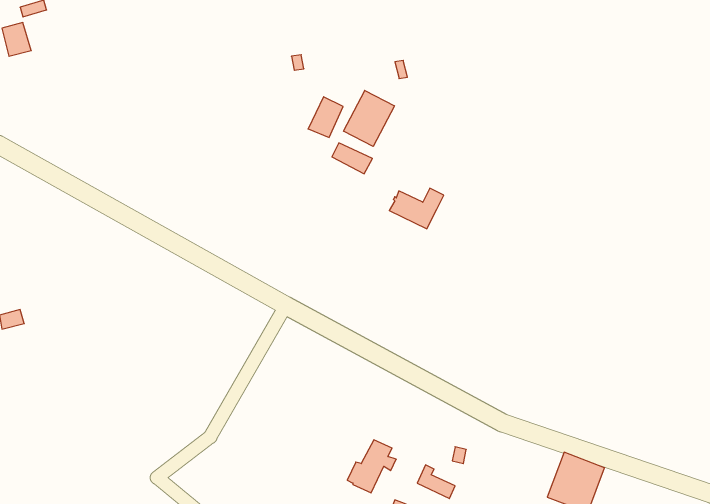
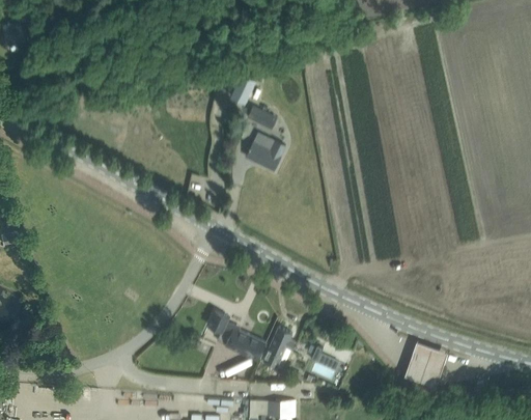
building: [344,90,394,146] -> none
building: [389,188,444,229] -> [245,141,285,171]
building: none -> [207,311,266,361]

